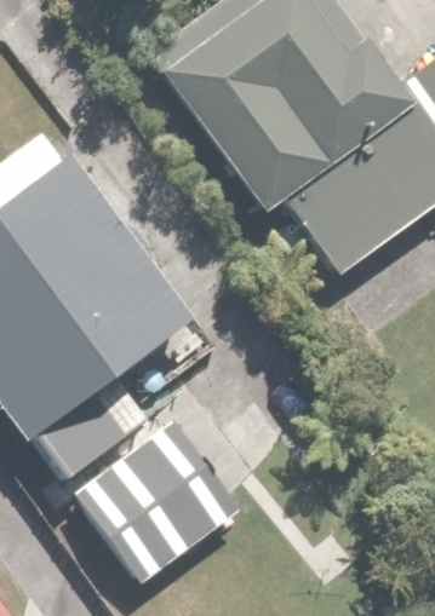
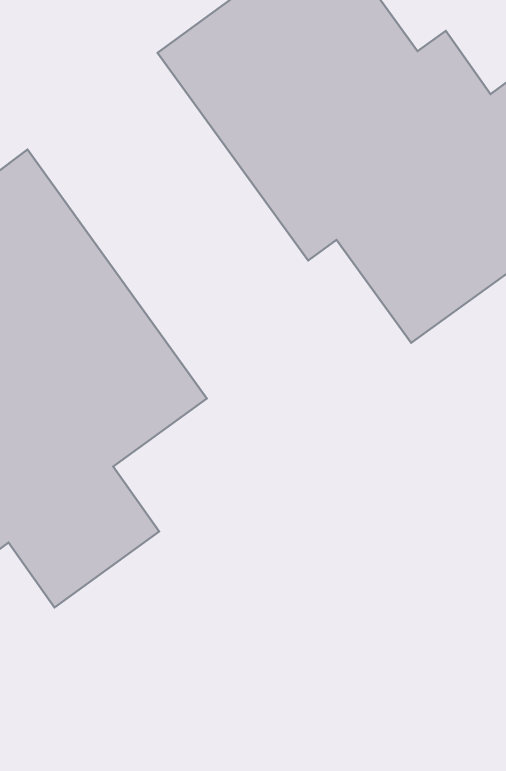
building: [80,422,239,581] -> none

